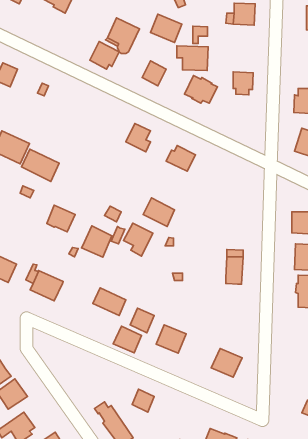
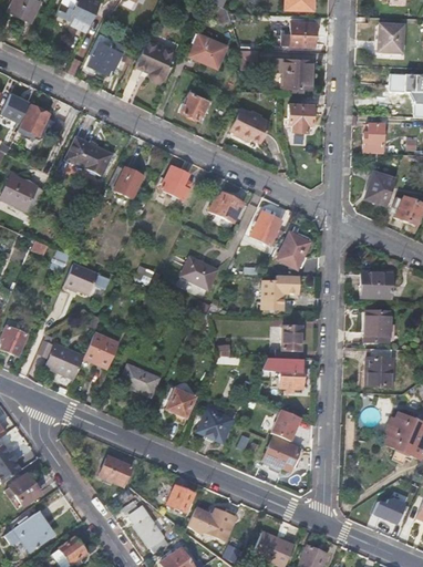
building: [90,42,119,69] -> [87,41,123,74]
building: [177,46,208,71] -> [276,58,313,87]
building: none -> [19,104,53,136]
building: none -> [109,165,144,198]
building: [22,149,59,181] -> [66,136,112,175]
building: none -> [250,210,283,247]
building: none -> [276,230,311,269]
building: none -> [259,275,300,310]
building: [124,223,153,256] -> none
building: [82,226,112,257] -> [83,331,120,369]
building: none -> [279,358,303,389]
building: none -> [271,409,301,441]
building: [113,326,142,353] -> [97,455,132,487]
building: none -> [186,507,235,540]

